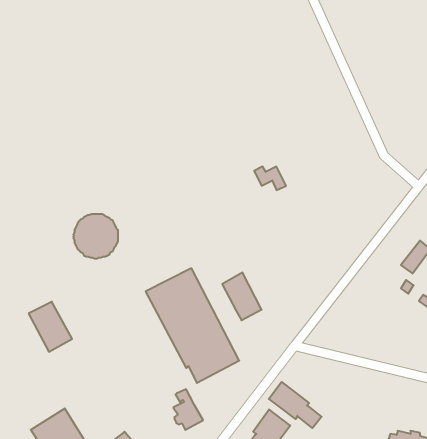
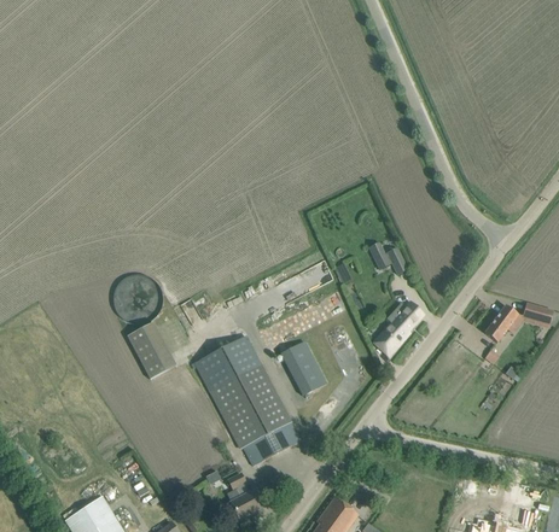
building: [254,167,286,190] -> [372,247,408,274]
building: none -> [373,300,424,355]
building: [29,302,72,352] -> [127,322,176,379]
building: [269,382,322,428] -> none

